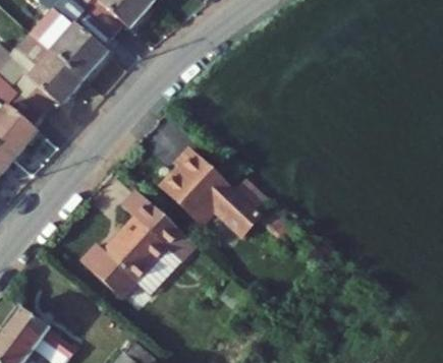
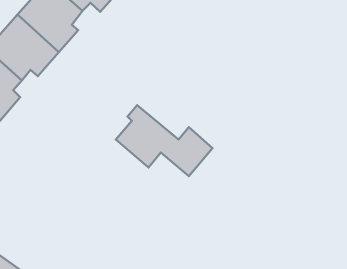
building: [74,185,182,294] -> none

